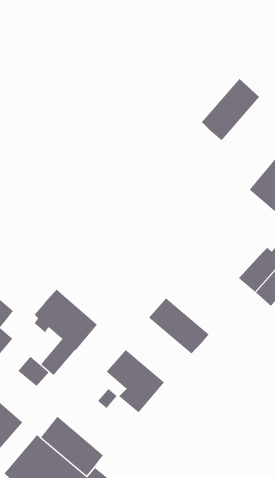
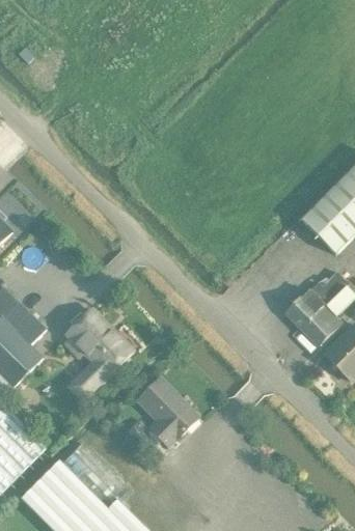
building: [201,78,260,141] -> none
building: [148,297,210,354] -> none
building: [18,356,49,387] -> none

